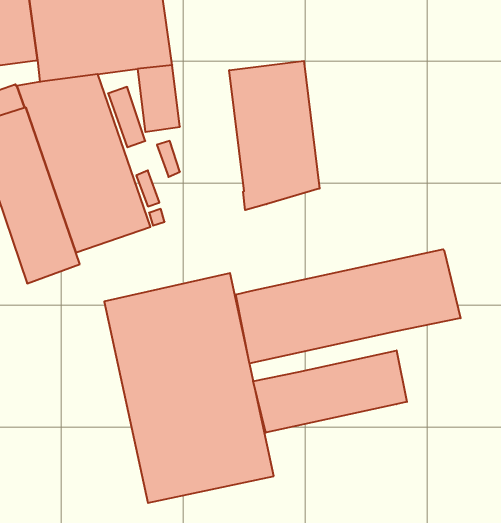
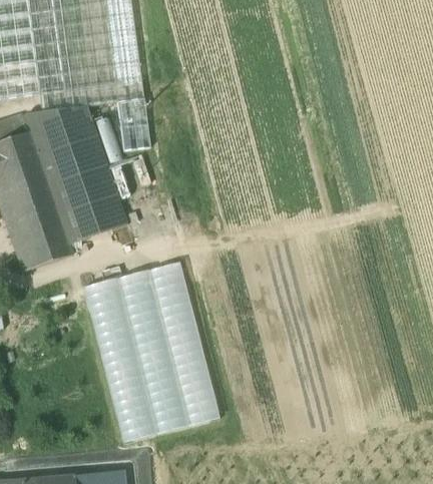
building: [229,61,320,210] -> none
building: [236,249,461,364] -> none
building: [253,350,407,433] -> none

